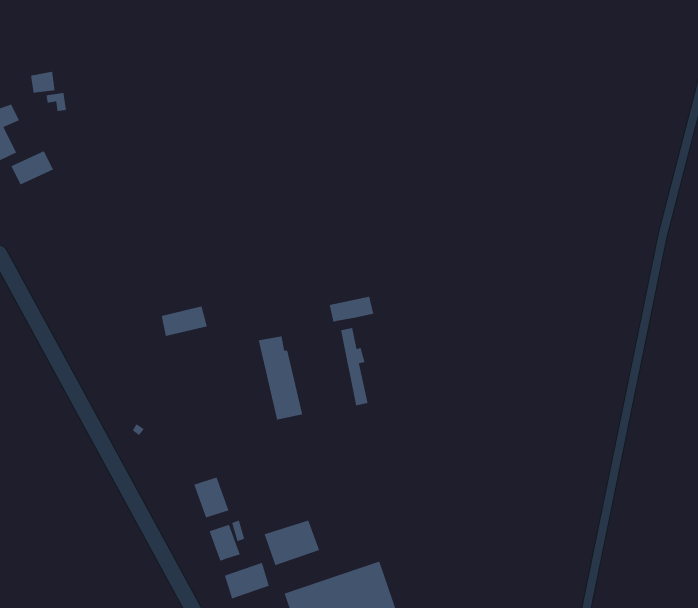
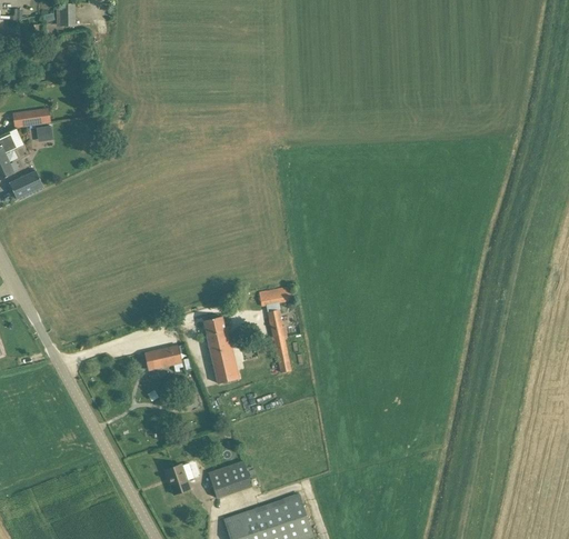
building: [161,306,208,337] -> [147,345,183,369]
building: [193,476,230,519] -> none
building: [224,562,270,599] -> none

